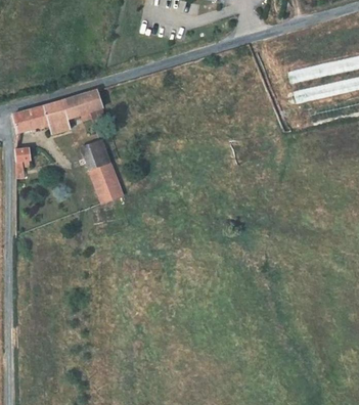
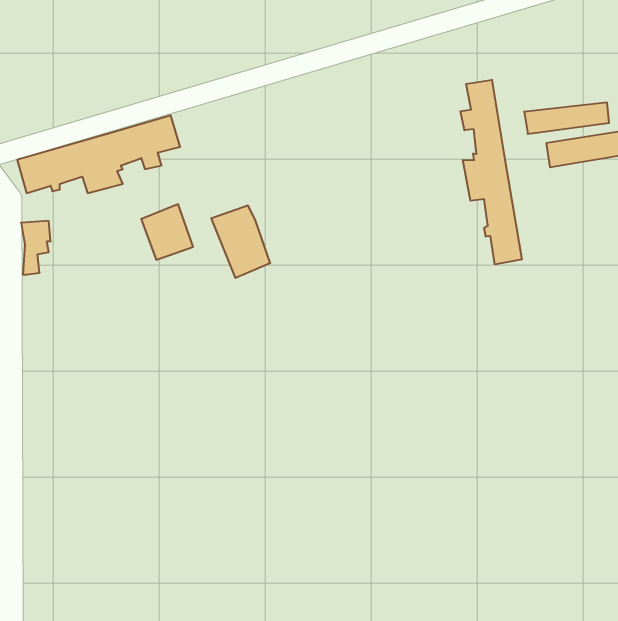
building: none -> [460,80,522,264]
building: [89,162,122,201] -> [211,206,270,278]

